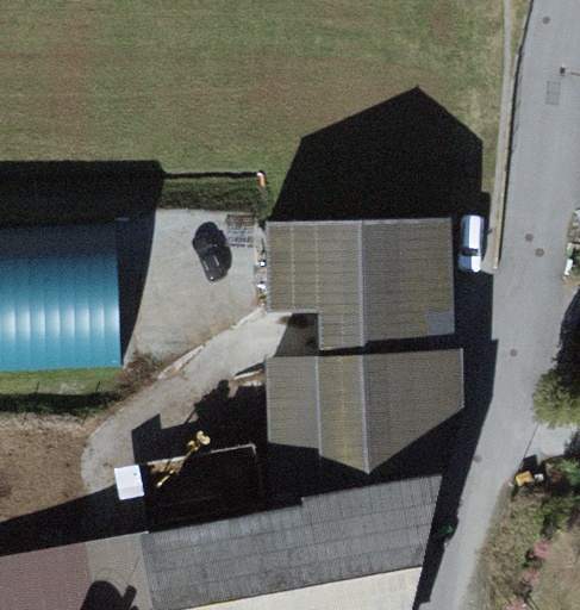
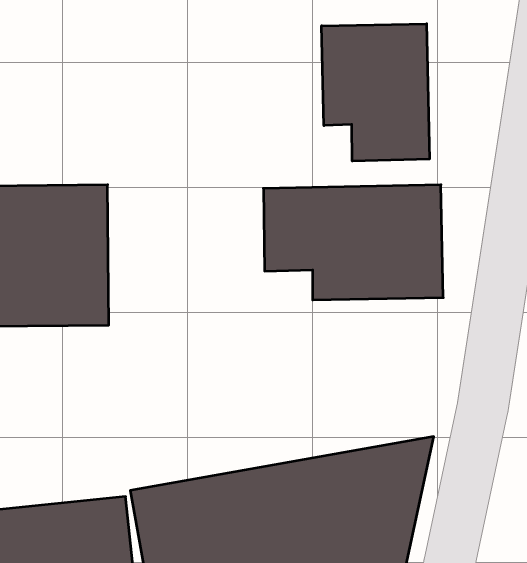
building: none -> [322,24,429,161]
building: [266,351,466,477] -> none

